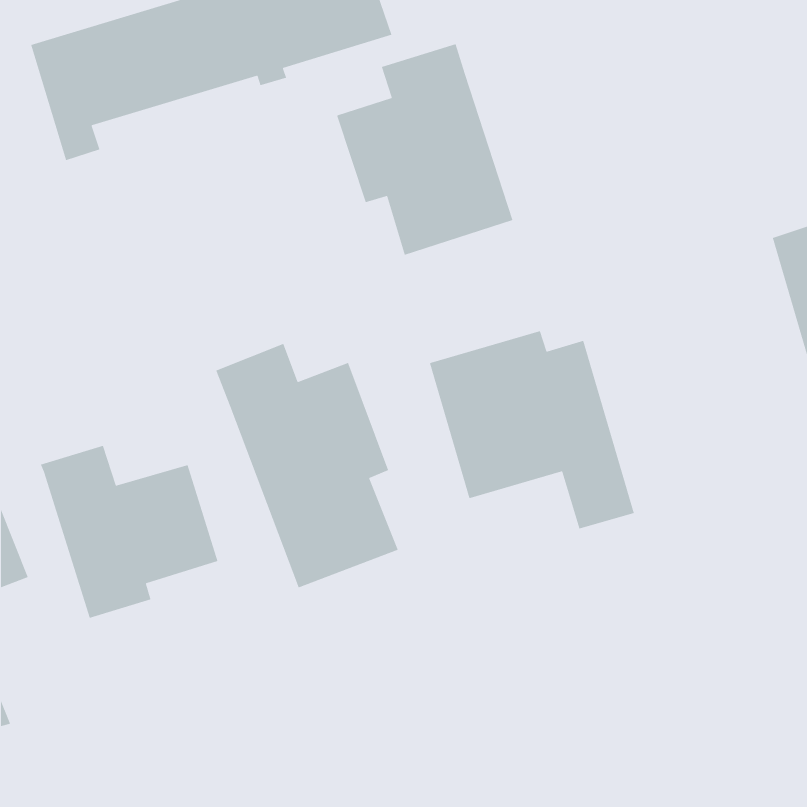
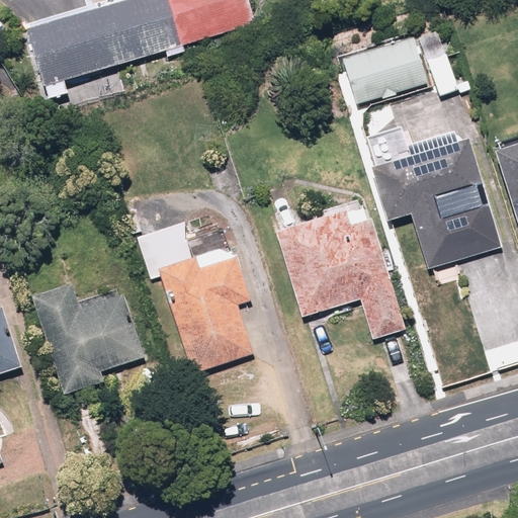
building: [337,43,514,256] -> none
building: none -> [339,32,460,107]
building: none -> [369,124,503,268]

